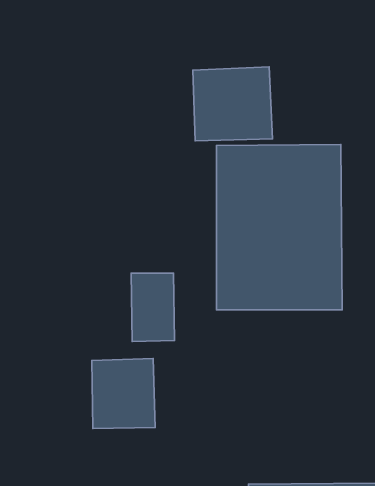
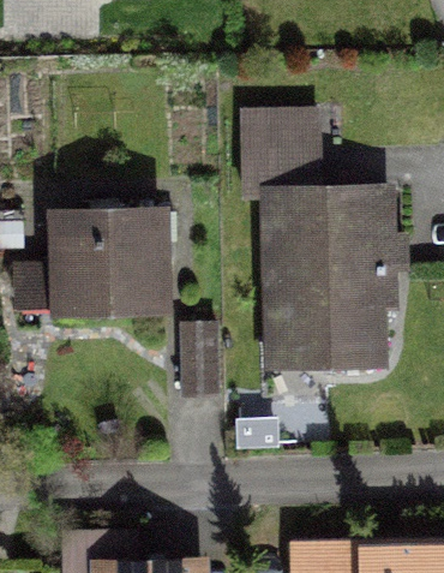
building: none -> [55,208,172,318]
building: [92,359,155,428] -> none

